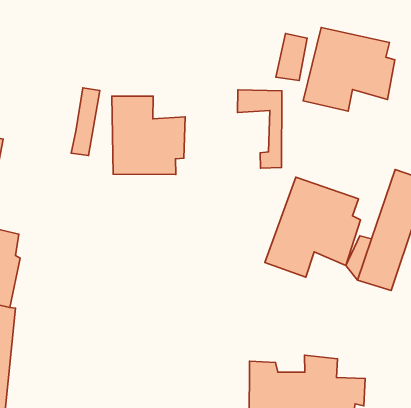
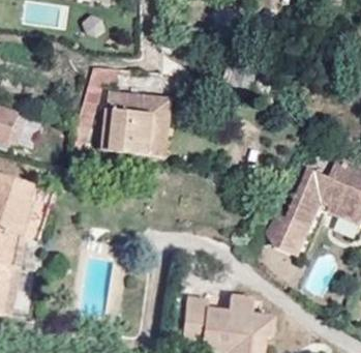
building: [303,27,395,111] -> none
building: [237,90,282,168] -> [137,94,171,154]
building: [265,177,360,277] -> none

